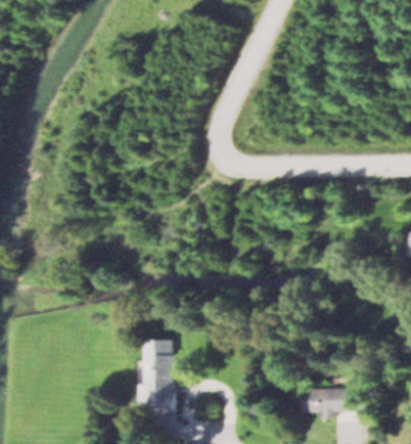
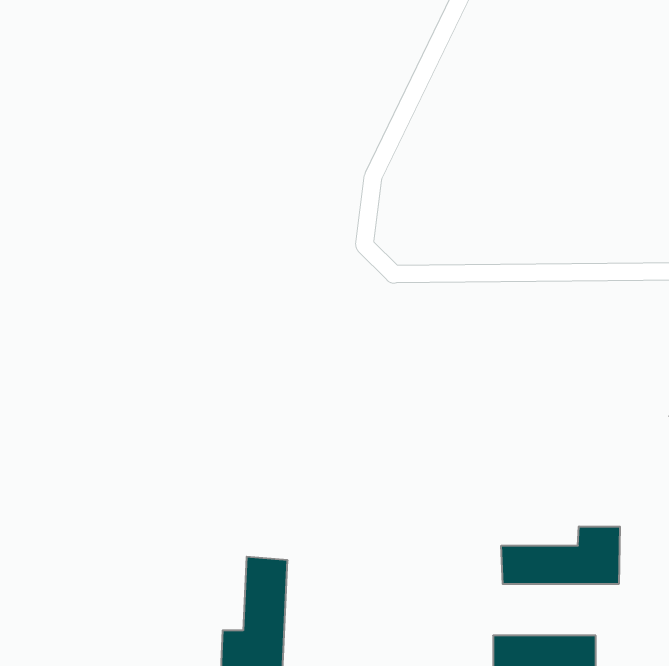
building: none -> [501,526,620,584]

